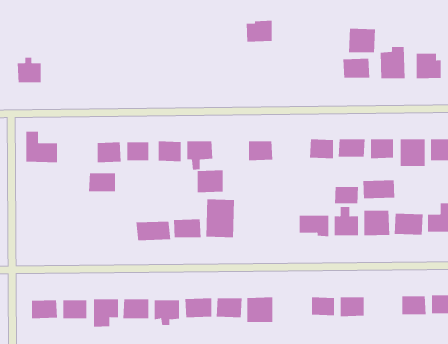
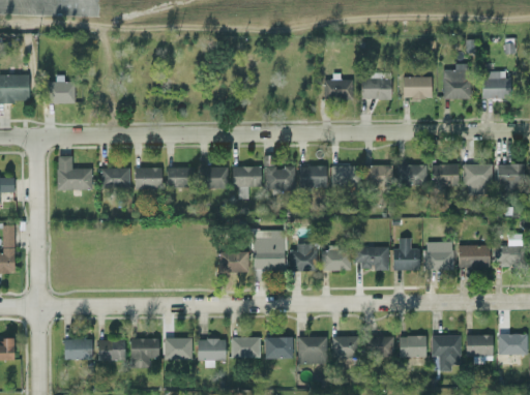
building: [246,20,272,42] -> [323,77,352,100]
building: [348,28,376,53] -> [361,72,391,99]
building: none -> [331,165,359,187]
building: [197,170,223,193] -> [265,166,294,191]
building: [88,173,116,192] -> [99,169,129,189]
building: [363,179,395,199] -> none
building: [335,186,359,204] -> none
building: none -> [289,243,317,271]
building: none -> [321,247,350,271]
building: [136,221,171,241] -> none
building: none -> [330,336,359,359]
building: none -> [431,336,461,371]

